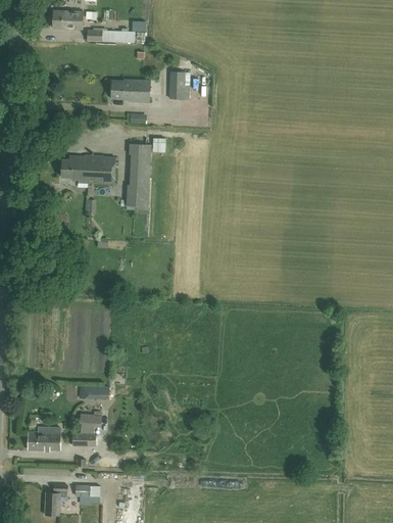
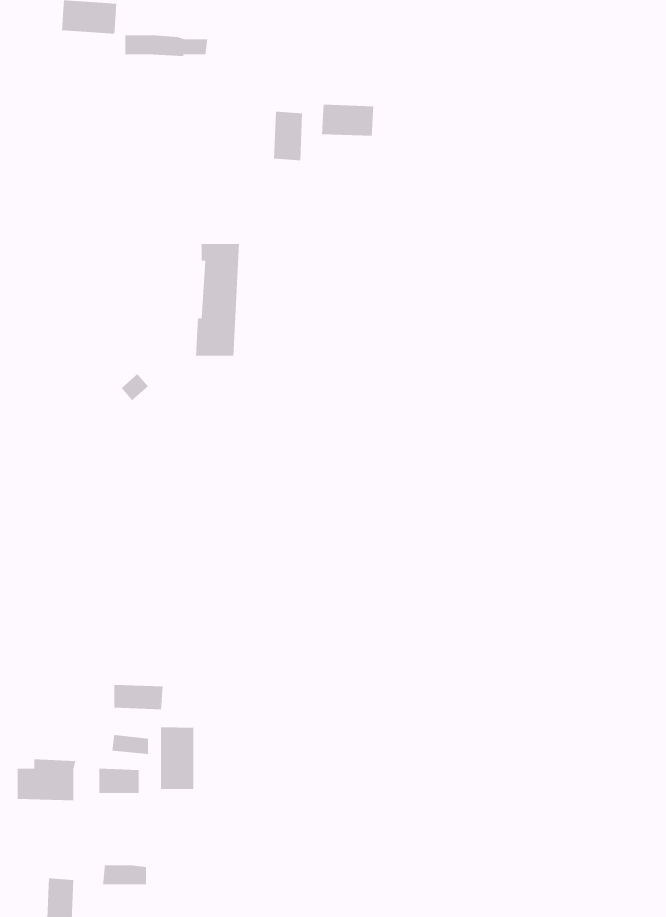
building: none -> [321,104,374,137]
building: [110,78,150,101] -> none
building: [61,154,114,183] -> none
building: none -> [160,727,194,790]

